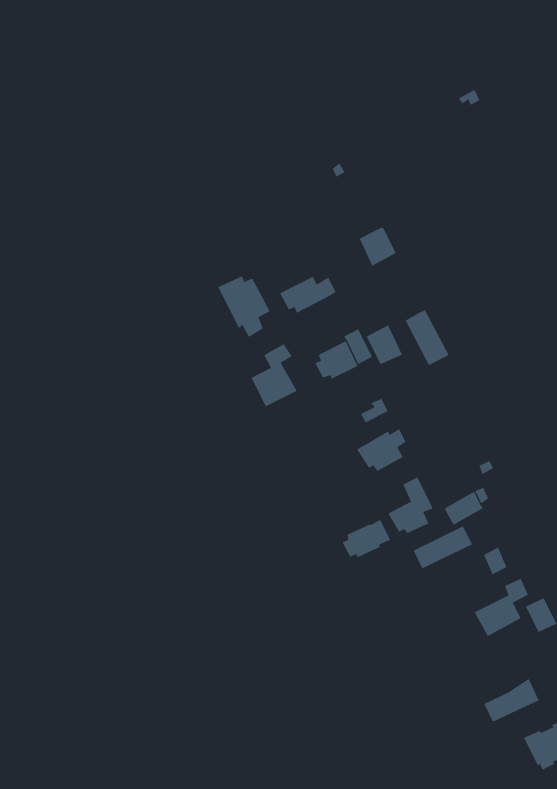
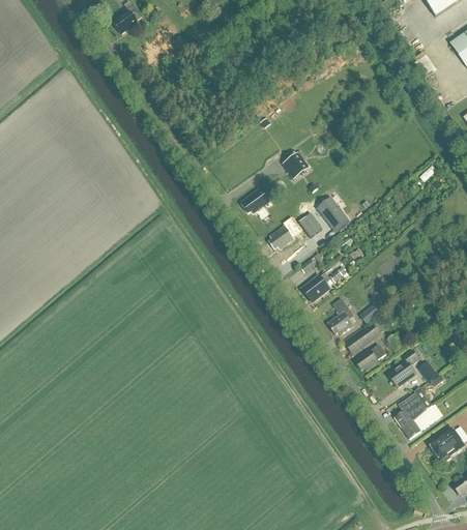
building: [217,275,270,338] -> none
building: [251,343,297,407] -> none
building: [342,519,391,559] -> [354,344,383,370]
building: none -> [393,392,427,428]

